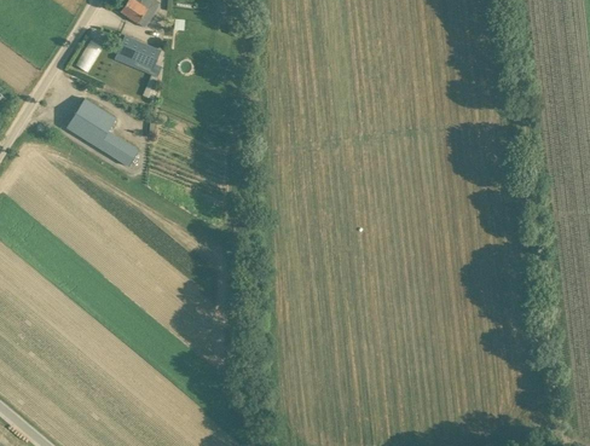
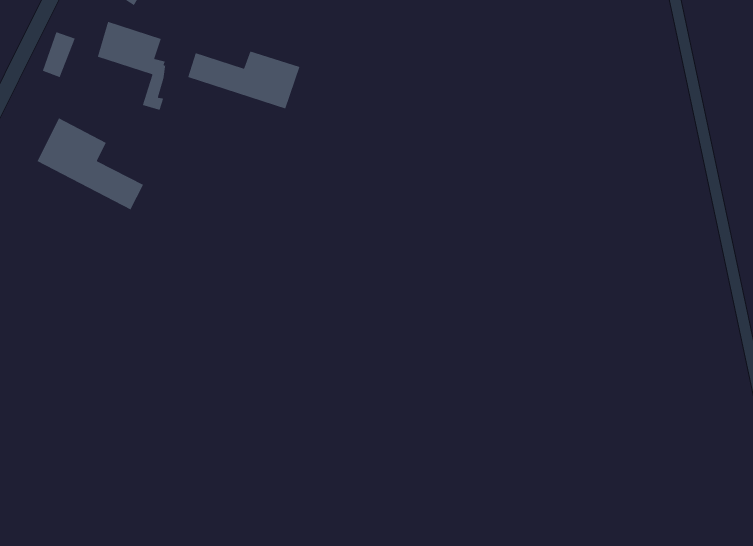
building: none -> [187,50,300,109]

